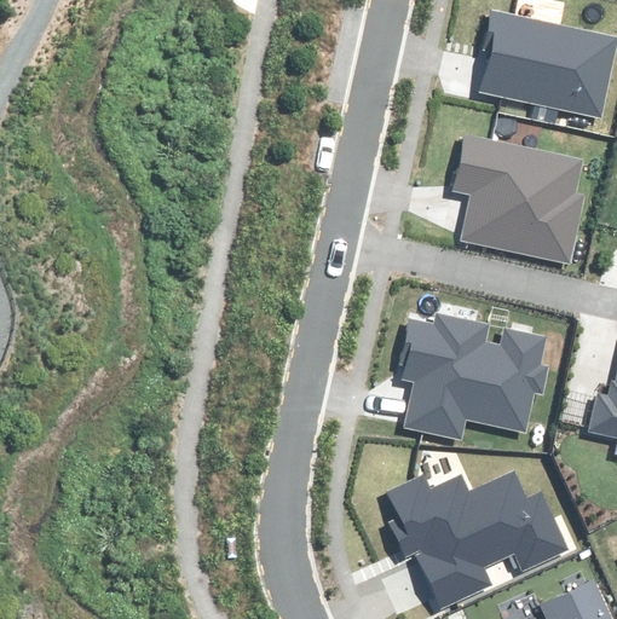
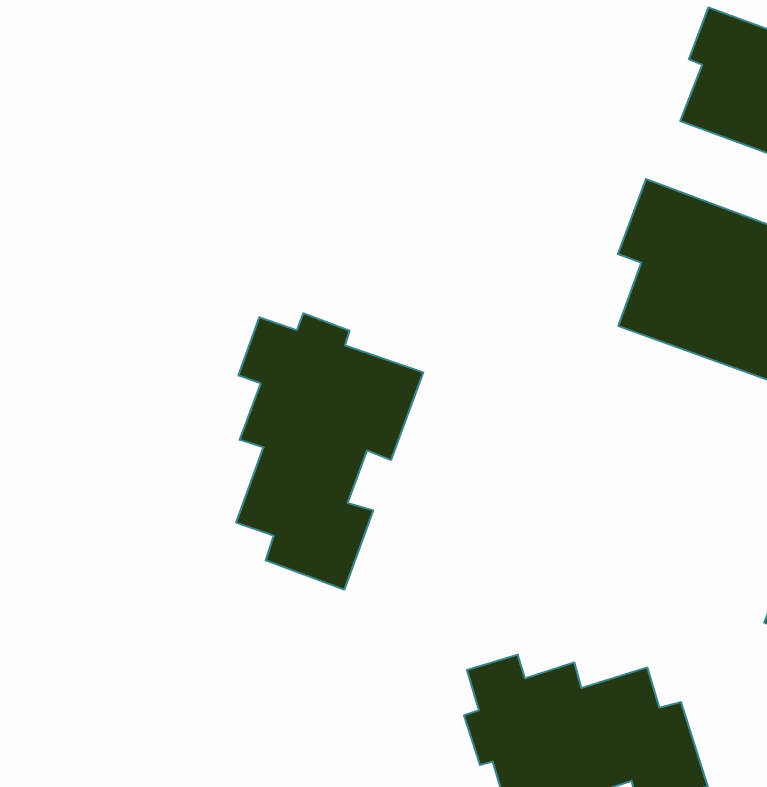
building: none -> [236,313,423,590]
building: [398,314,548,439] -> none

